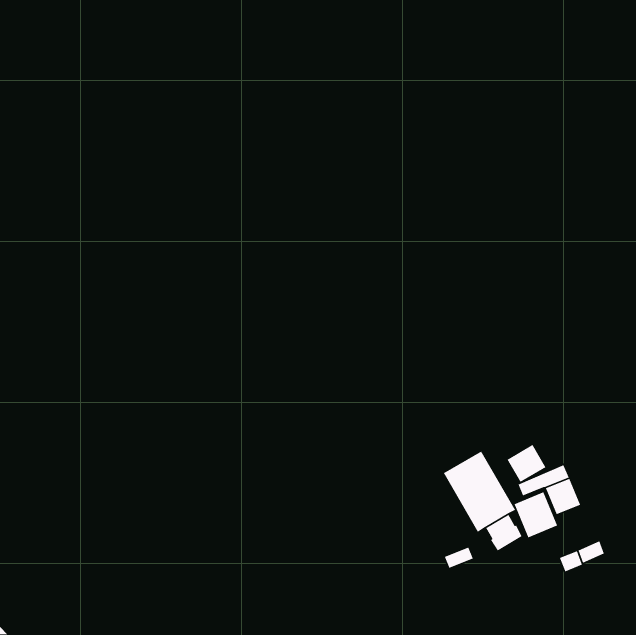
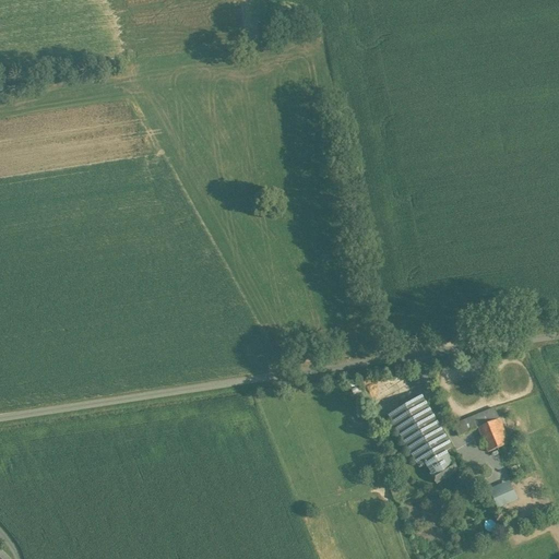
building: [507,444,546,483] -> none
building: [514,491,558,539] -> none

